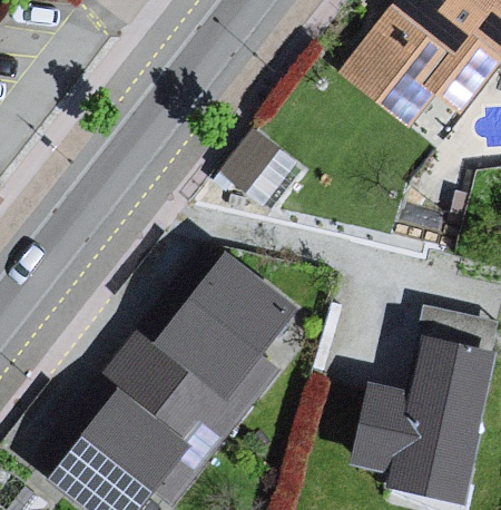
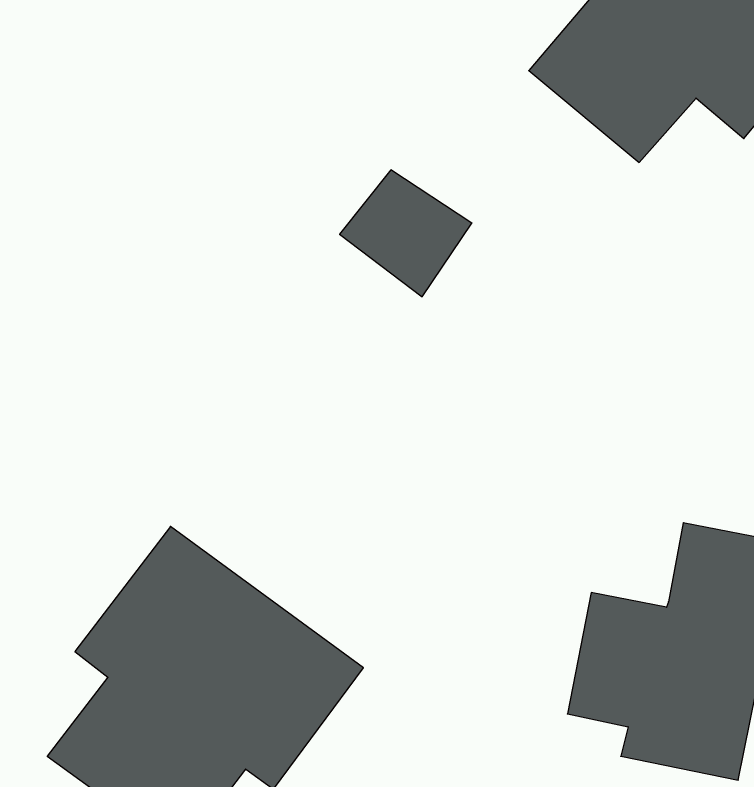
building: [119,251,291,430] -> none

